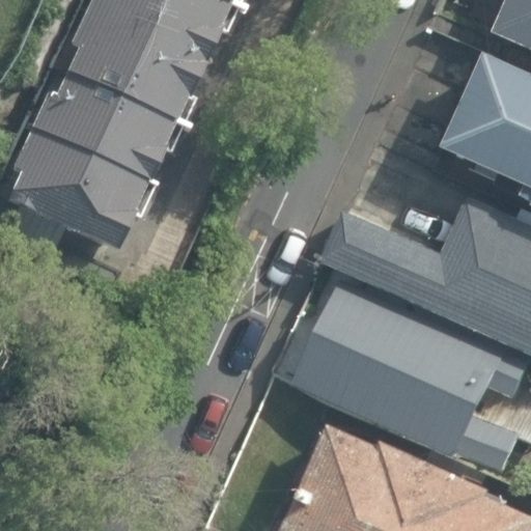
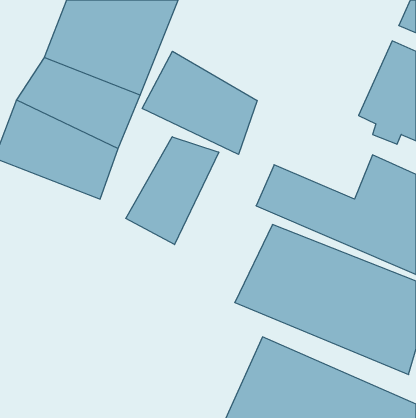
building: none -> [142,51,257,154]
building: none -> [126,137,219,245]

